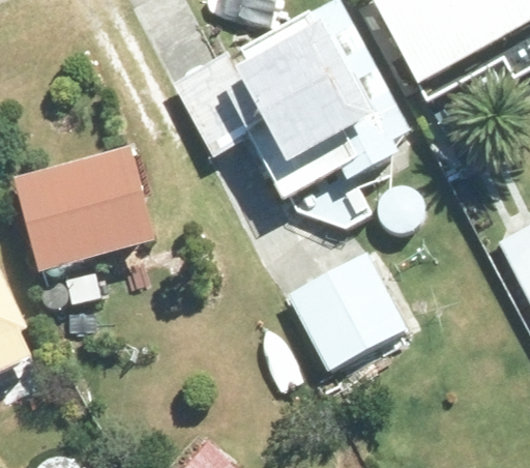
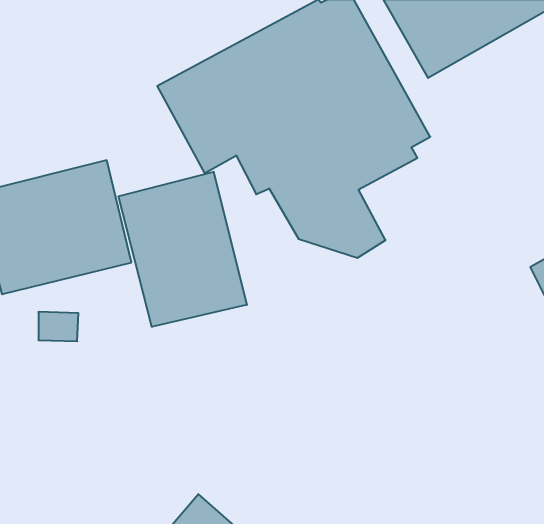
building: none -> [119,172,247,327]
building: [291,253,410,369] -> none

